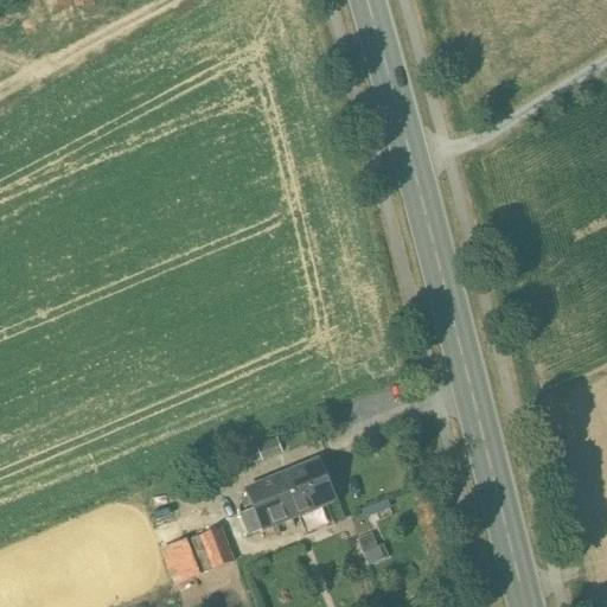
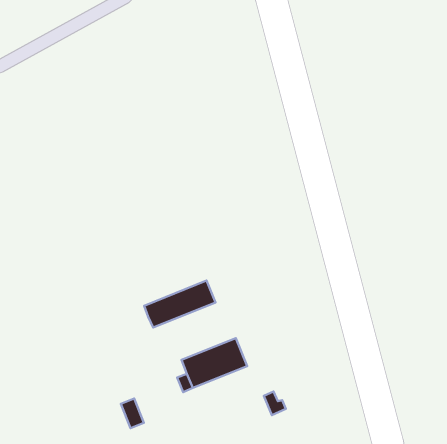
building: none -> [144,281,215,328]
building: [181,525,232,573] -> none

